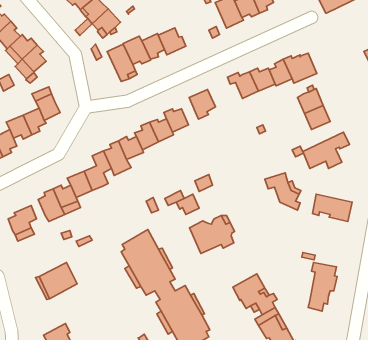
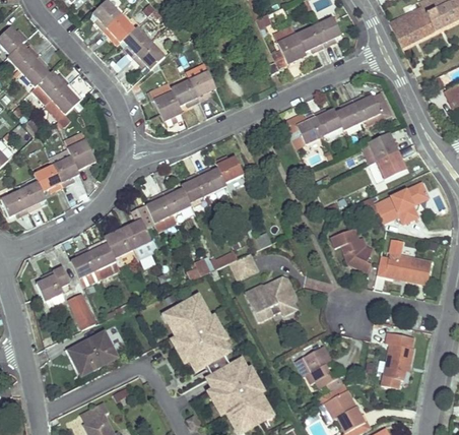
building: [158,28,186,55] -> none
building: [189,89,215,119] -> none
building: none -> [68,295,95,330]

